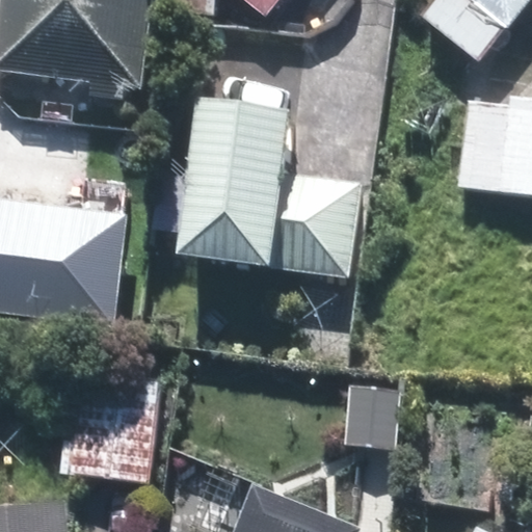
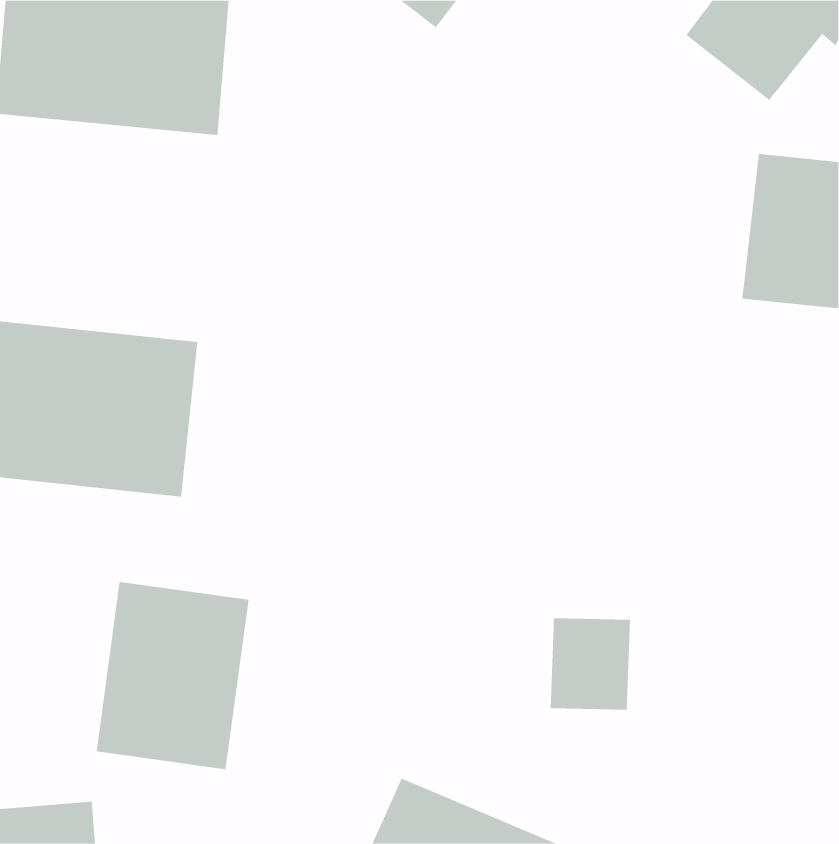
building: [181,97,353,271] -> none

